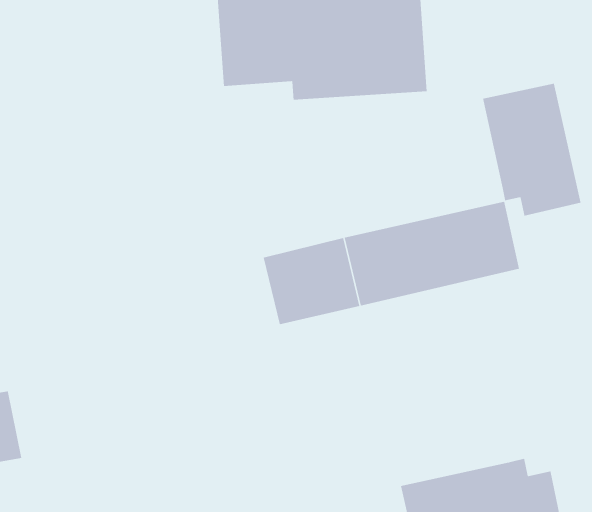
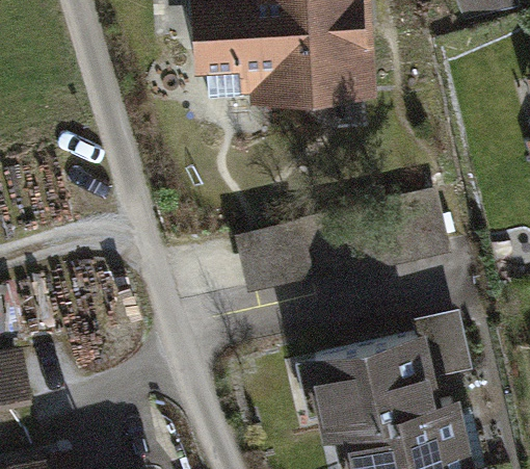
building: [482,83,581,216] -> none
building: none -> [310,311,467,432]

